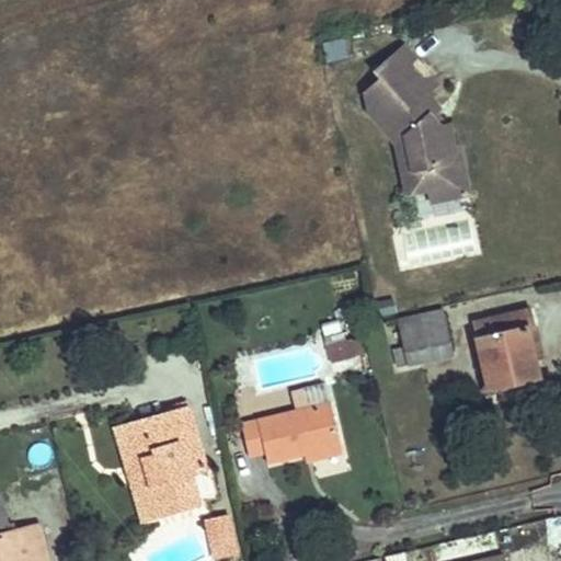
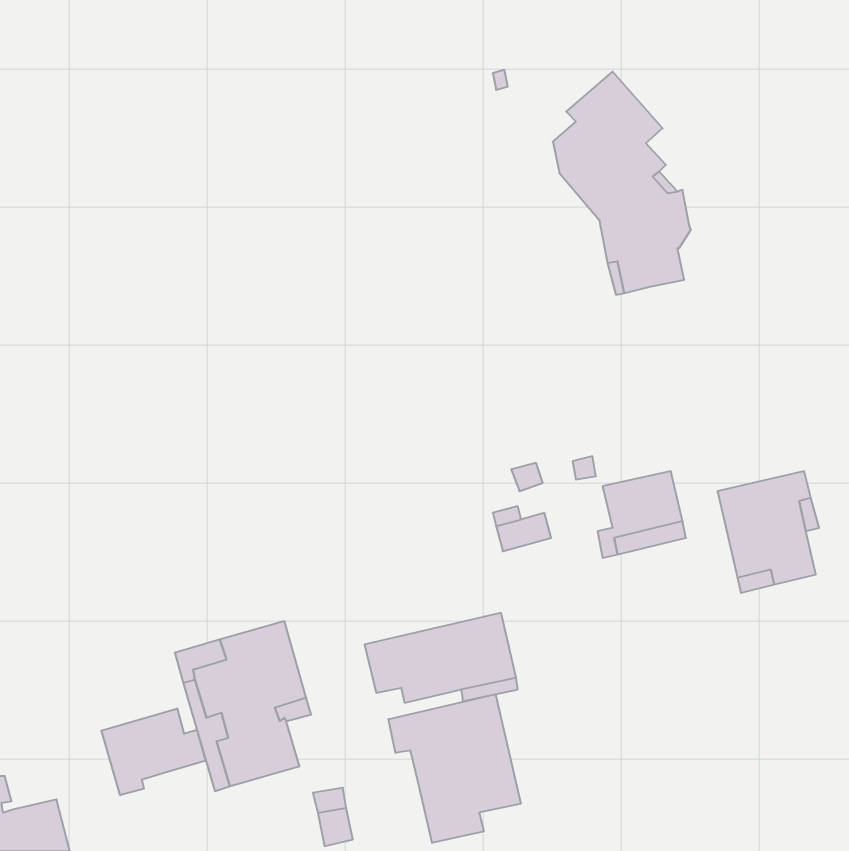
building: [428,148,467,203] -> none
building: none -> [388,694,521,843]
building: none -> [101,708,206,795]

